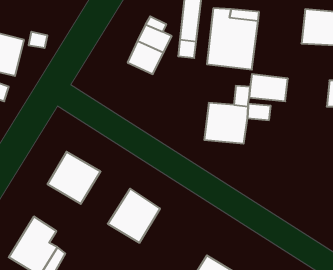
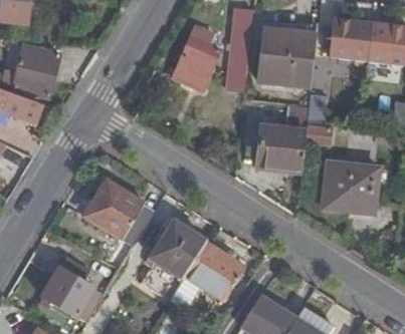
building: none -> [332,18,370,59]
building: none -> [323,162,378,214]
building: none -> [185,243,247,305]

